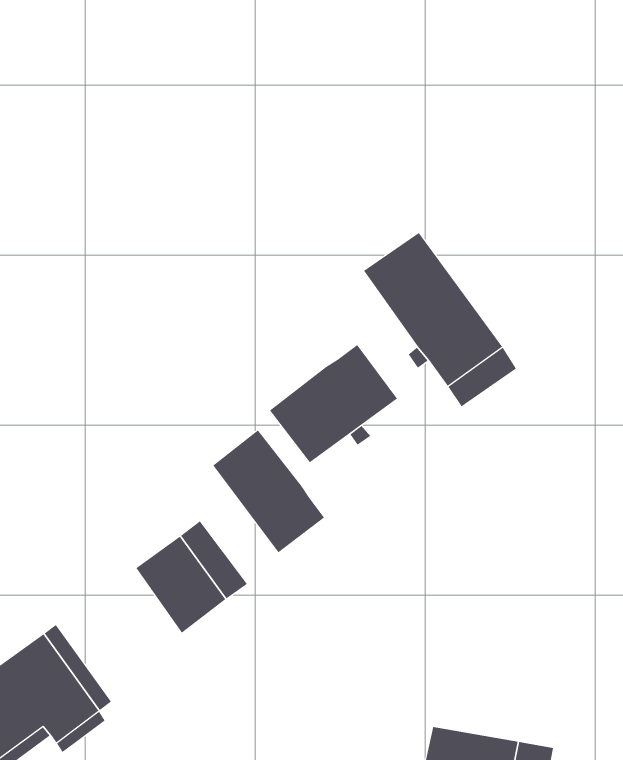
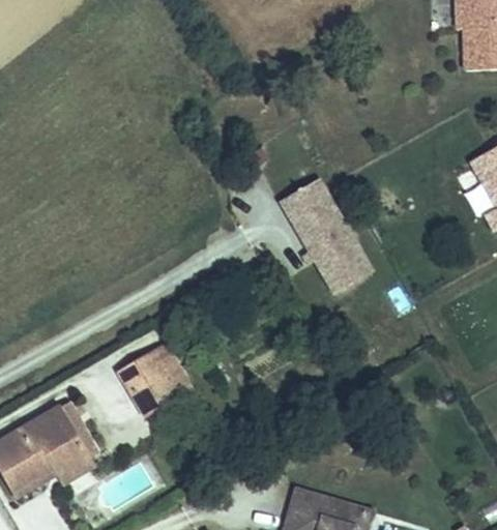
building: [269,344,398,463] -> none
building: [213,429,325,553] -> none

